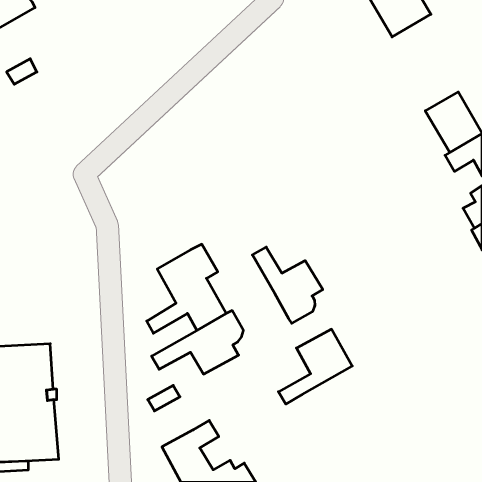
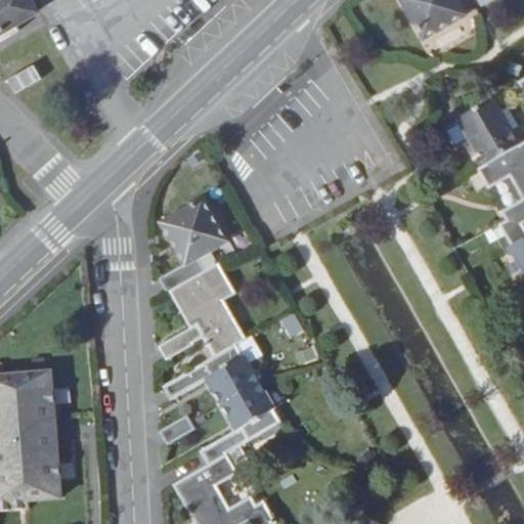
building: none -> [159,202,227,293]
building: [252,247,323,323] -> none
building: [278,329,352,404] -> [201,384,280,465]

